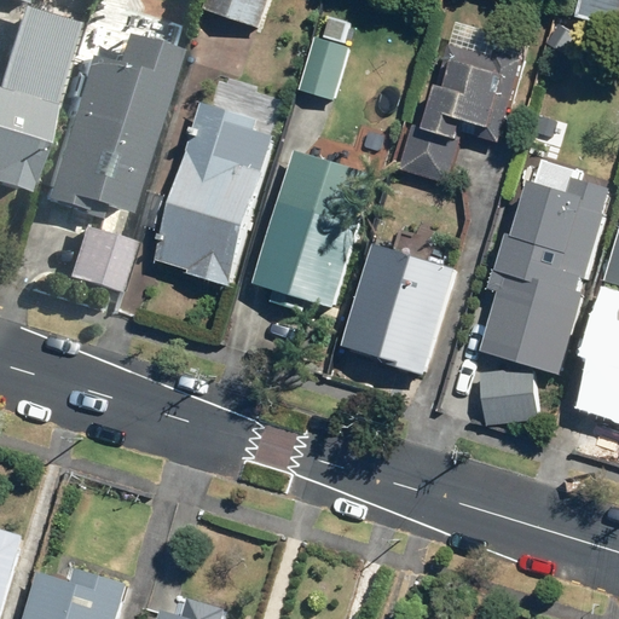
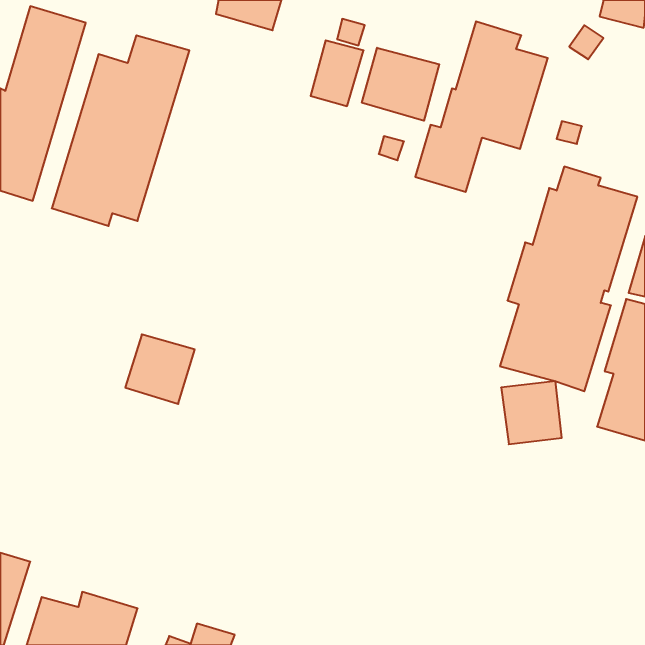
building: none -> [362,48,439,121]
building: [140,102,272,285] -> none
building: [253,150,372,311] -> none
building: [71,226,138,293] -> [125,334,195,404]
building: [340,243,456,375] -> none

